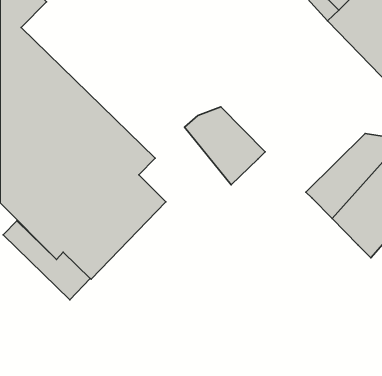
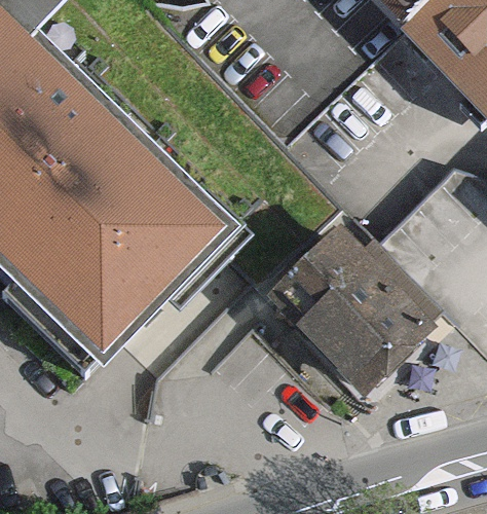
building: [184,107,265,185] -> none
building: none -> [285,240,447,384]

